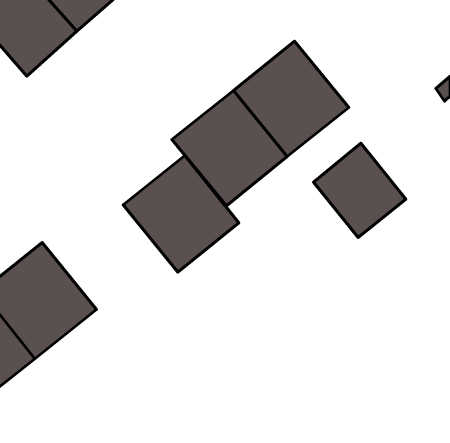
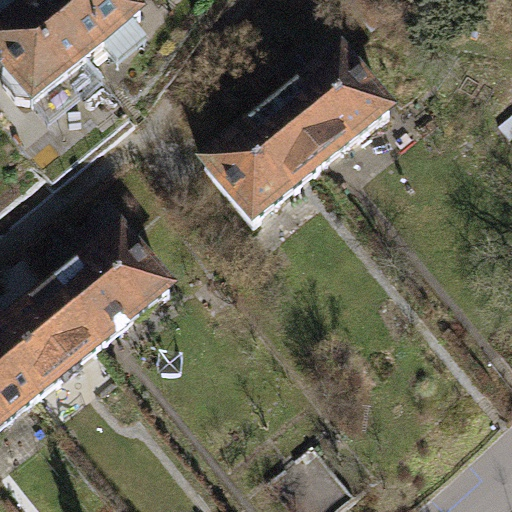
building: [313,143,406,238] -> none
building: [123,156,239,272] -> [47,216,176,346]

